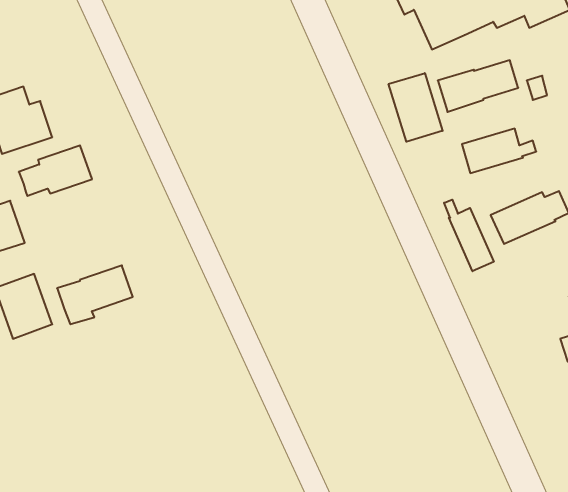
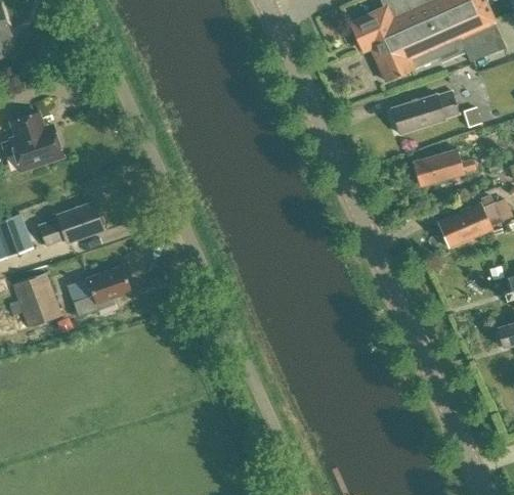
building: [389,73,443,142] -> none
building: [19,145,92,196] -> [40,201,102,244]
building: [444,200,494,271] -> none

